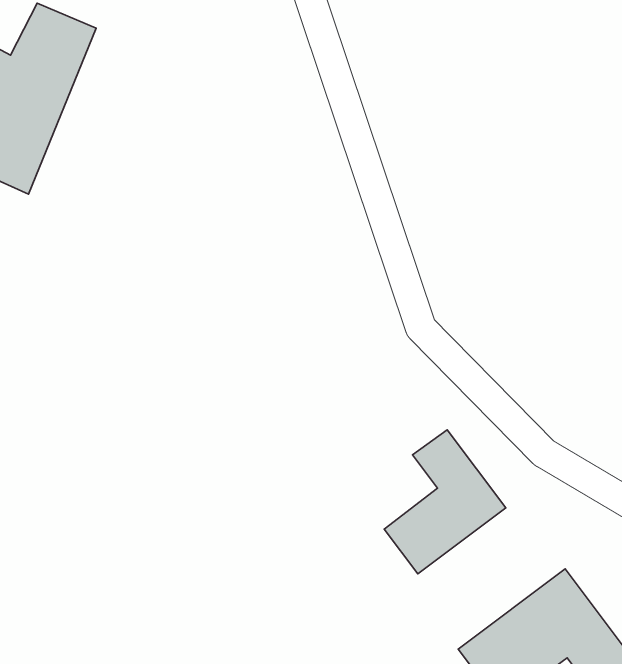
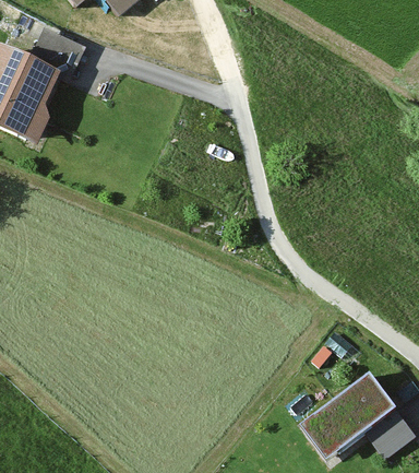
building: [384,430,506,574] -> none

